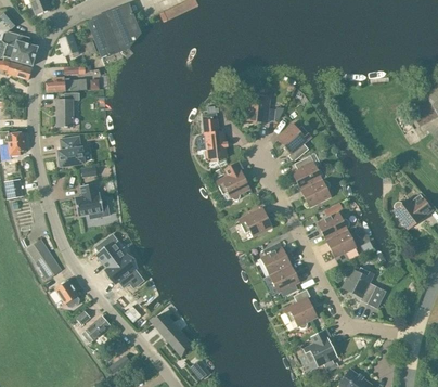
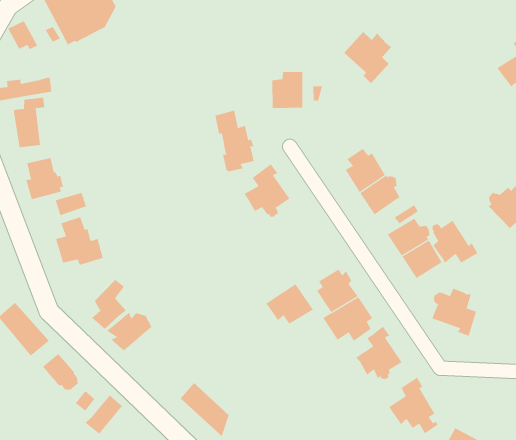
building: [276,122,312,162] -> [343,31,392,84]
building: [239,207,273,236] -> [265,283,314,324]
building: none -> [431,220,478,264]

